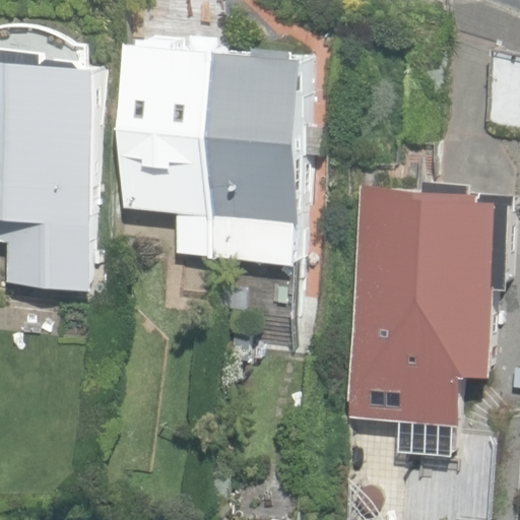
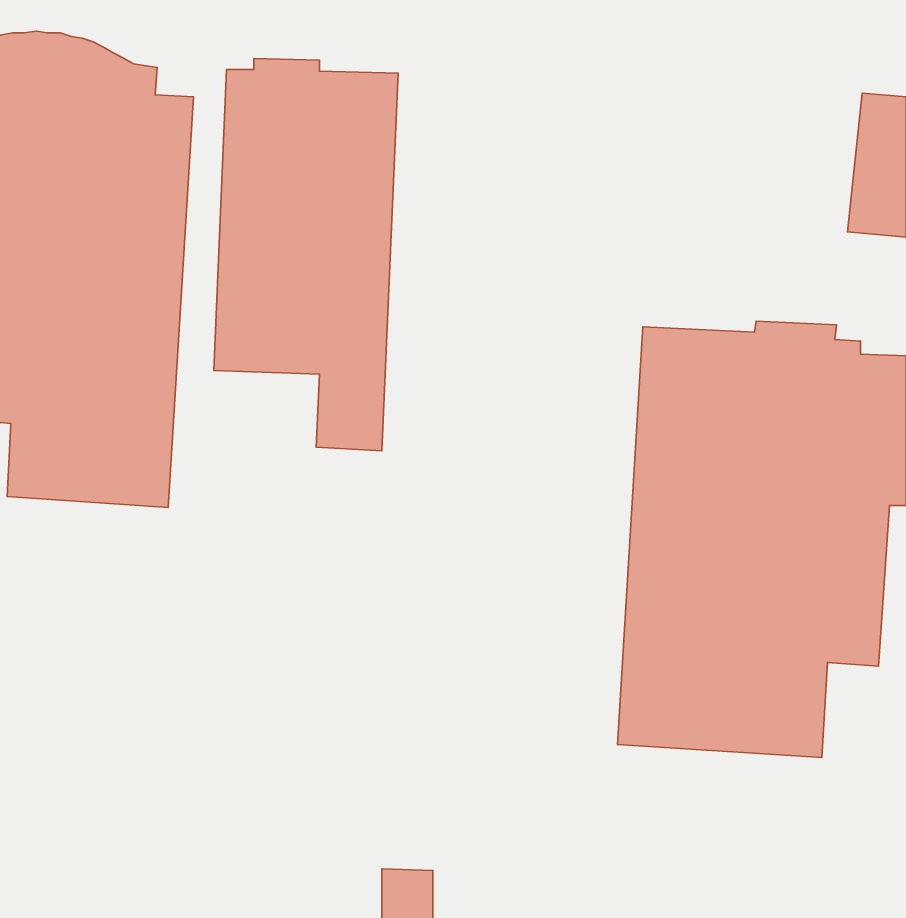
building: [212,49,309,262] -> none

